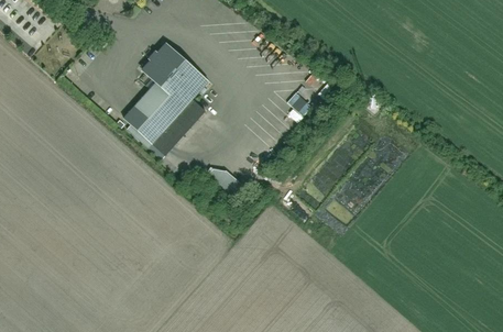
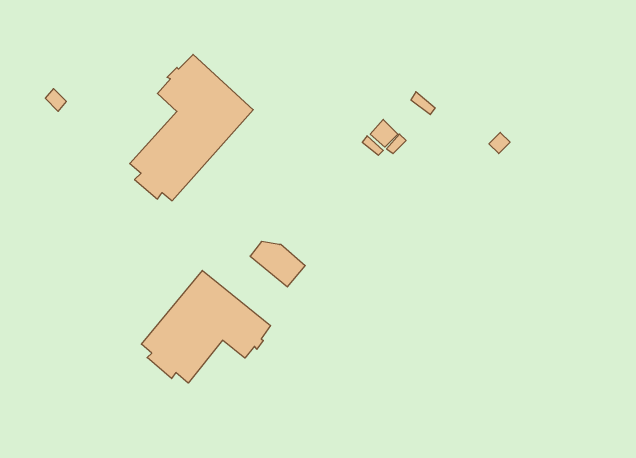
building: none -> [141,270,271,383]

